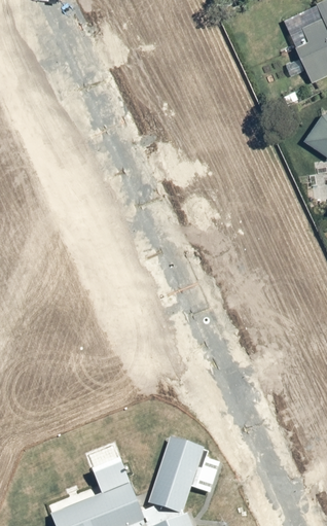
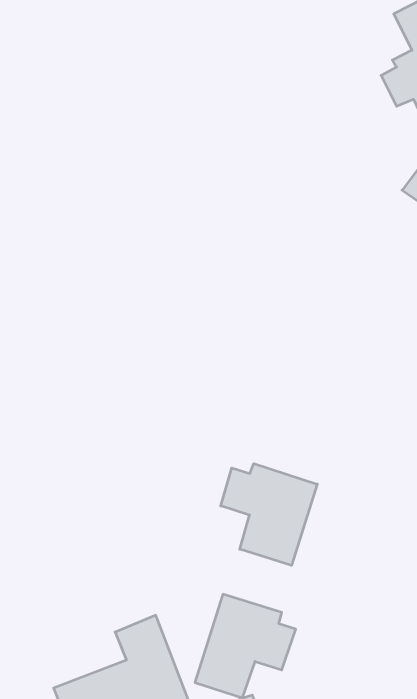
building: none -> [221,464,317,565]

